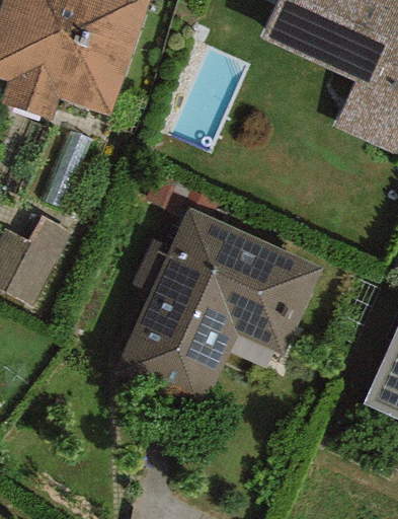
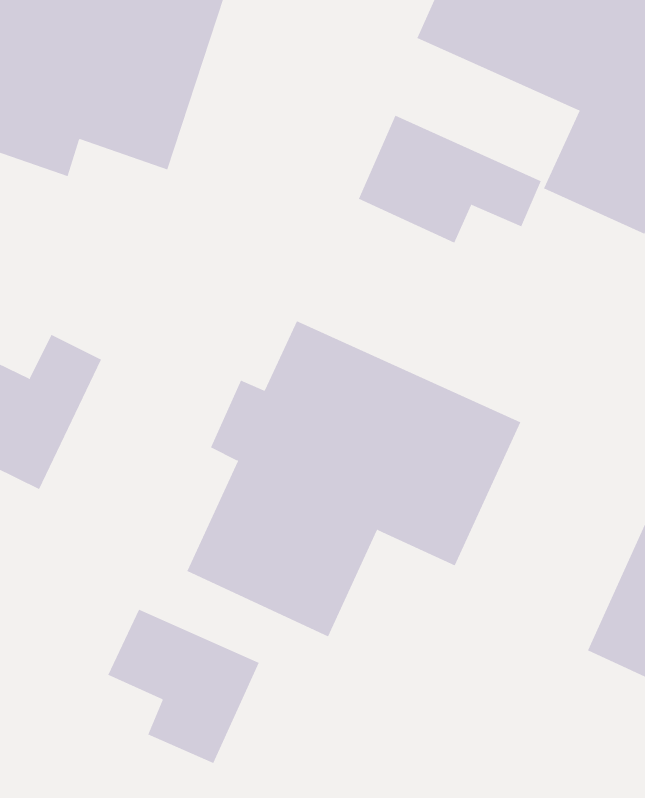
building: none -> [358,115,541,243]
building: none -> [108,609,259,764]

